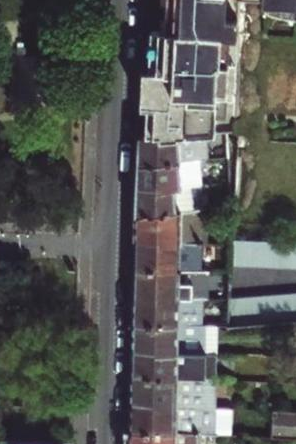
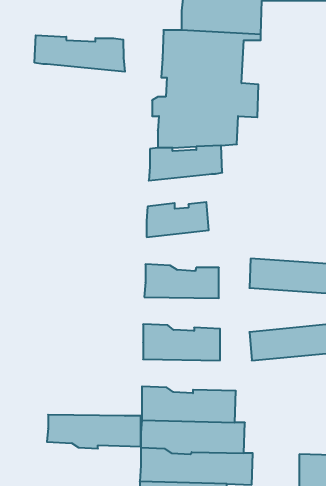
building: none -> [35,35,125,72]
building: [137,163,199,194] -> none
building: [135,212,201,249] -> none
building: [133,272,207,302] -> none
building: [132,327,215,357] -> [47,415,141,449]

